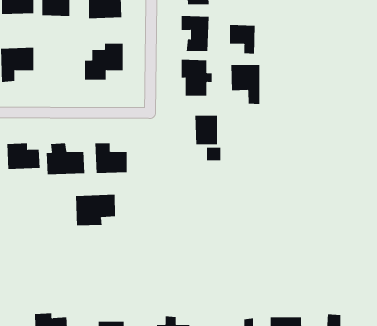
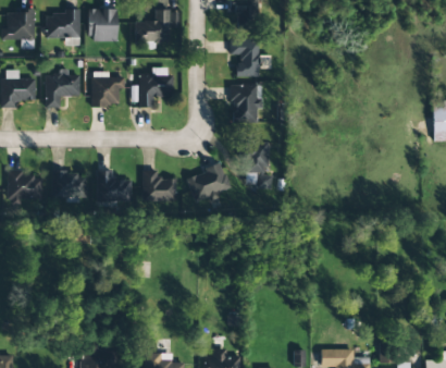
building: [230,24,255,55] -> none
building: none -> [91,71,124,106]
building: [231,64,260,105] -> none
building: none -> [186,164,231,201]
building: [75,194,116,226] -> none

